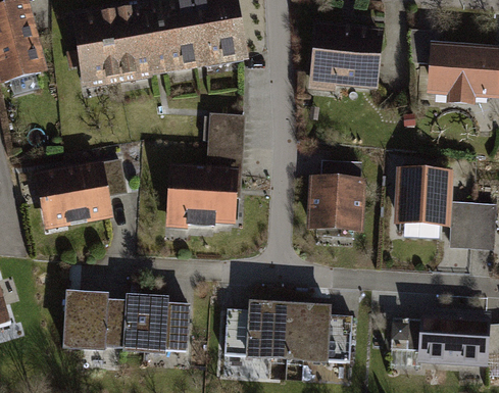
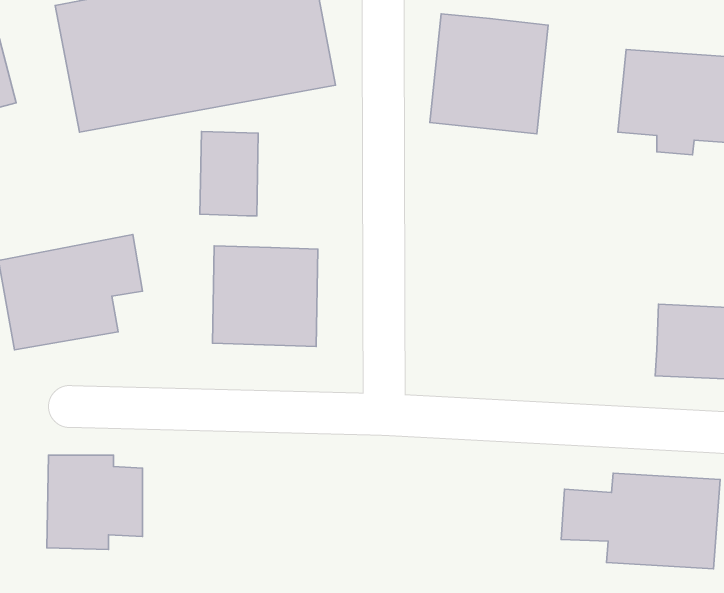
building: [206,111,243,164] -> [200,131,258,216]
building: [395,167,451,228] -> none
building: [304,174,365,233] -> none
building: [124,296,188,357] -> none
building: [221,300,351,363] -> none

